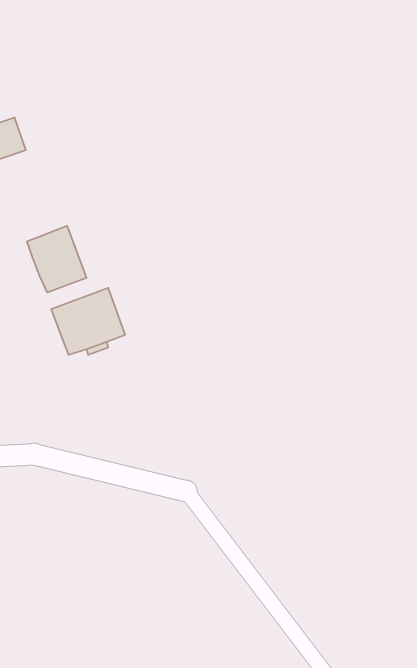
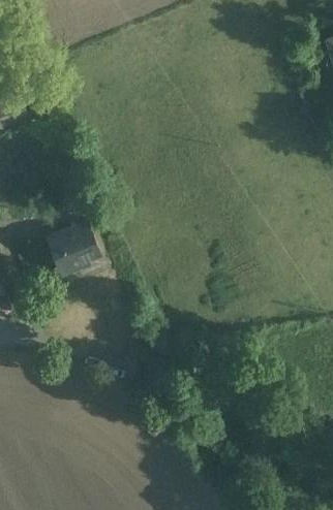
building: [27,226,87,293] -> none

